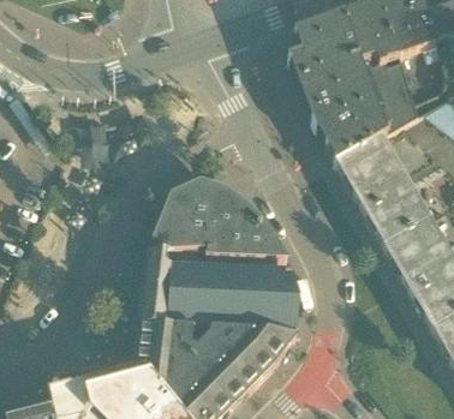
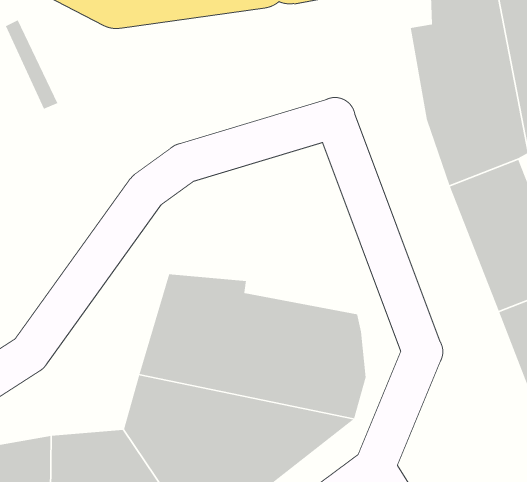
building: [150,182,286,257] -> none

